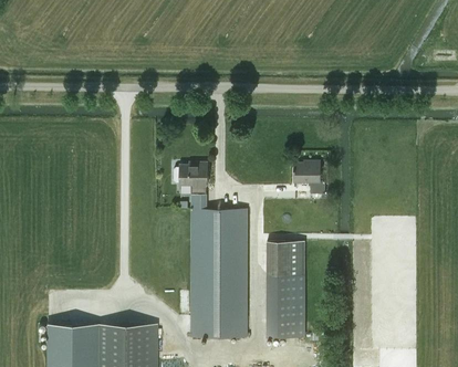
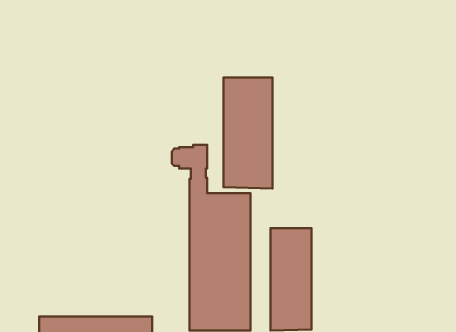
building: none -> [223,78,272,188]
building: [294,161,325,195] -> none

